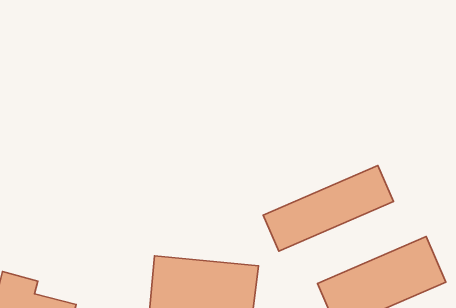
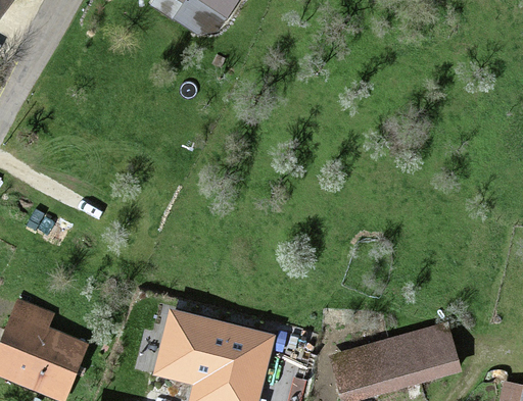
building: [263,166,393,251] -> none

